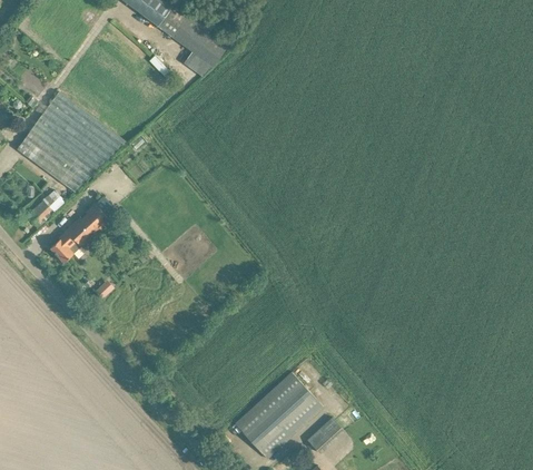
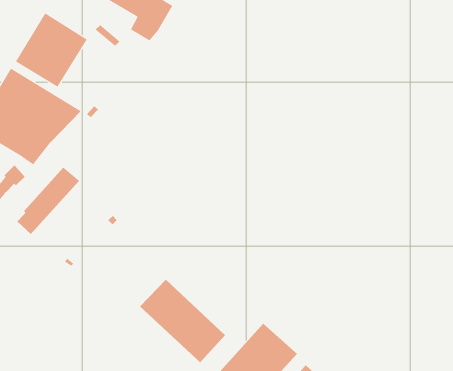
building: none -> [15,12,88,87]
building: none -> [139,279,226,363]

